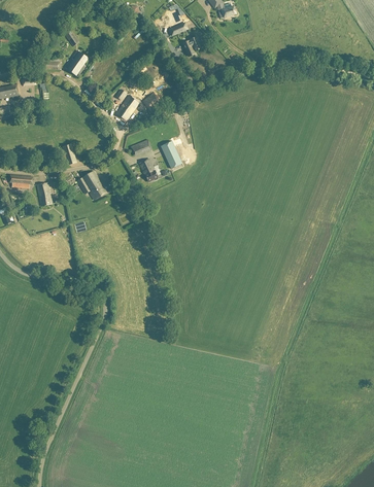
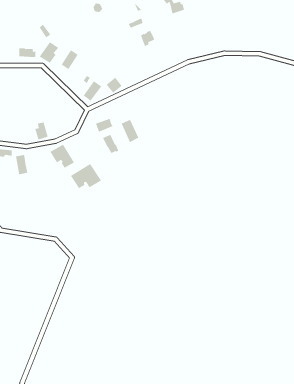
building: none -> [70,163,102,189]

